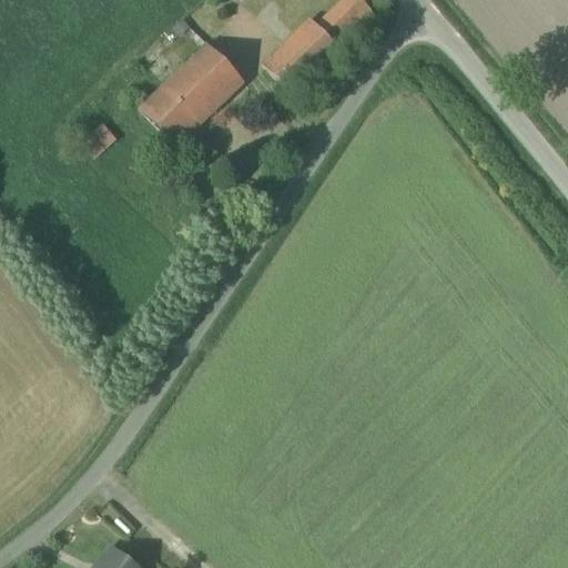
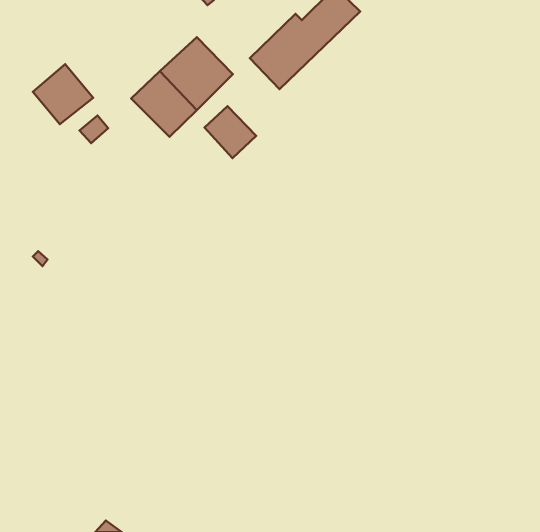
building: none -> [33,64,93,124]
building: none -> [205,106,256,158]

